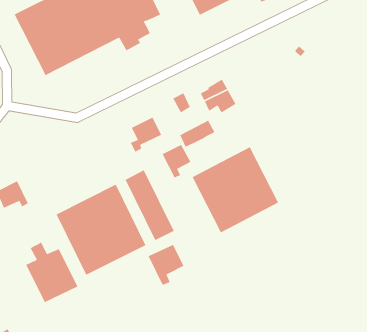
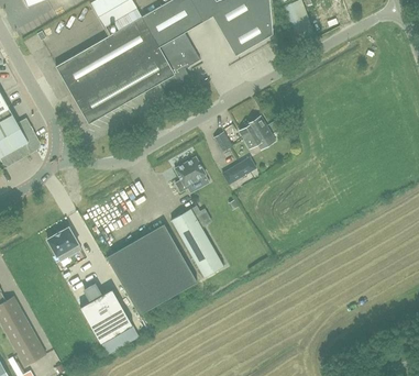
building: [161,144,191,178] -> none
building: [192,146,279,234] -> none
building: [147,244,185,286] -> none

